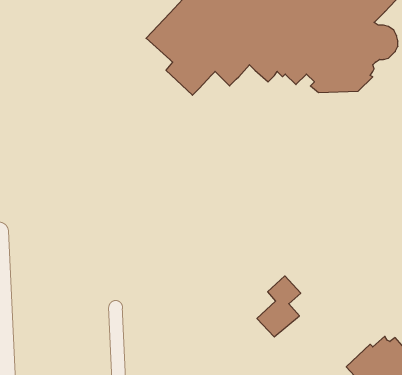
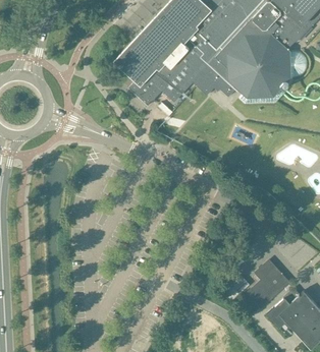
building: [257,276,301,337] -> [248,260,281,307]

